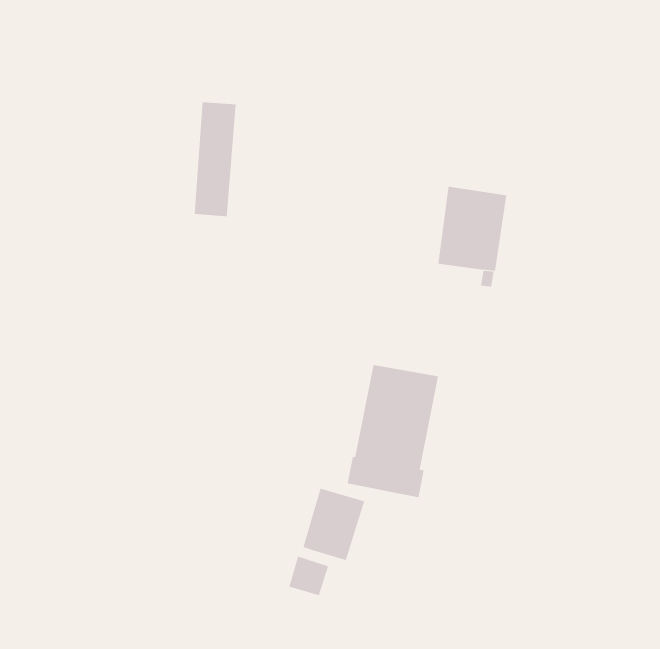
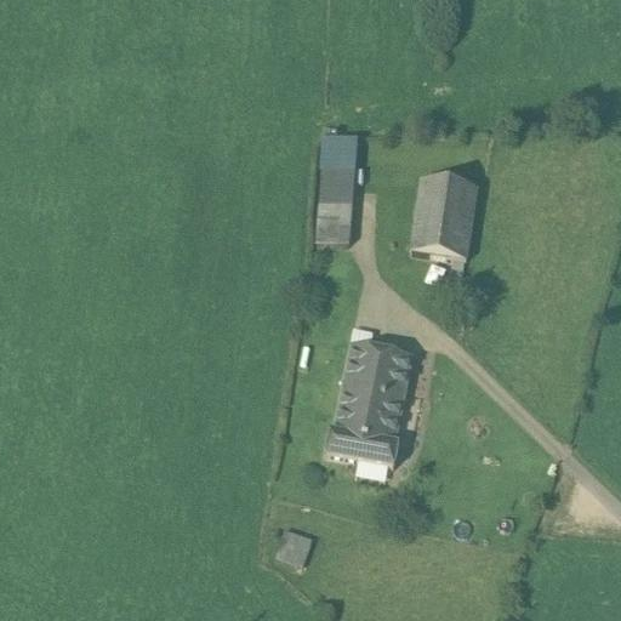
building: [194,102,237,217] -> [318,132,358,240]
building: [303,488,365,561] -> none

